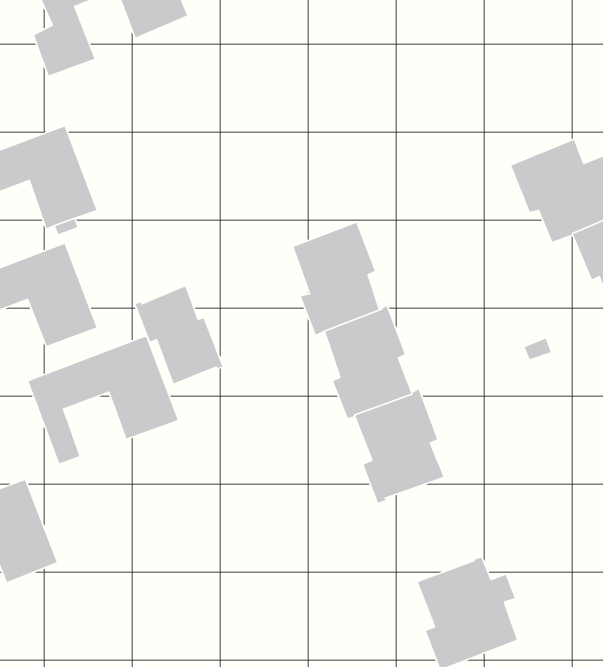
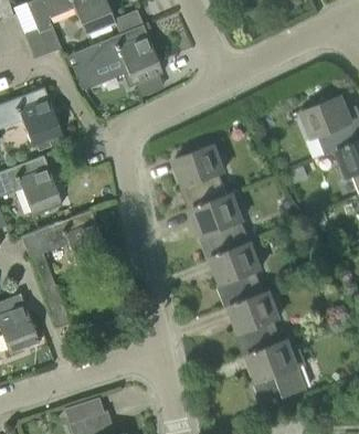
building: none -> [72,24,162,91]
building: [135,286,224,384] -> none
building: none -> [230,290,282,357]

